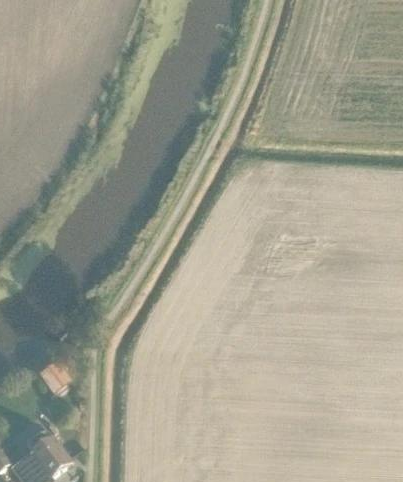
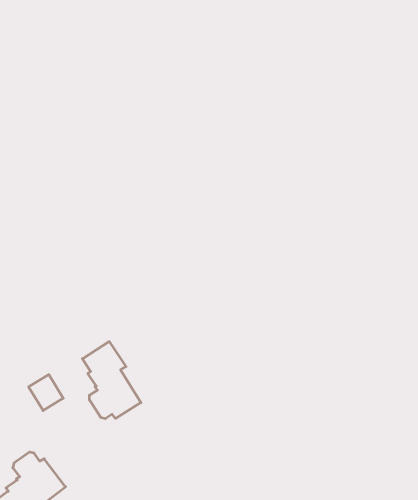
building: none -> [82,342,141,419]

